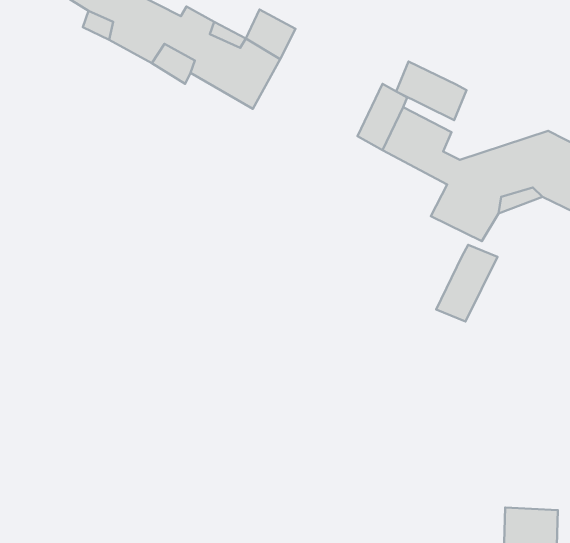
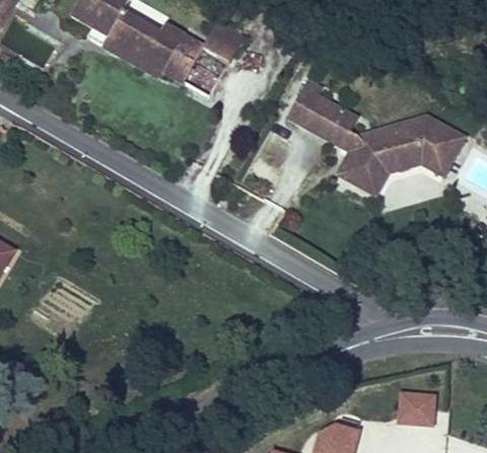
building: [396,62,467,120] -> none
building: [436,245,497,322] -> none

